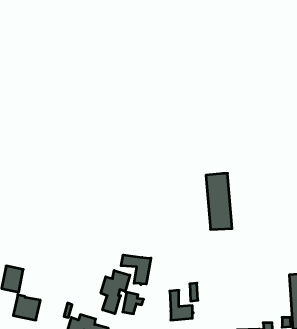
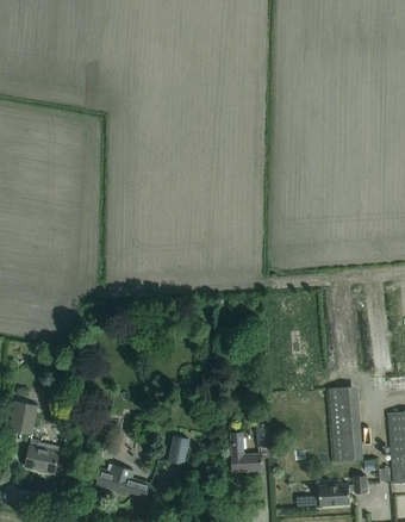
building: [206,173,232,229] -> [329,387,363,461]
building: [121,255,151,285] -> none
building: [101,270,130,314] -> none

